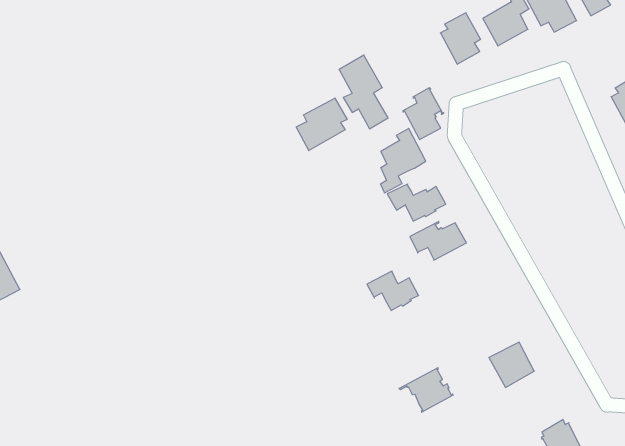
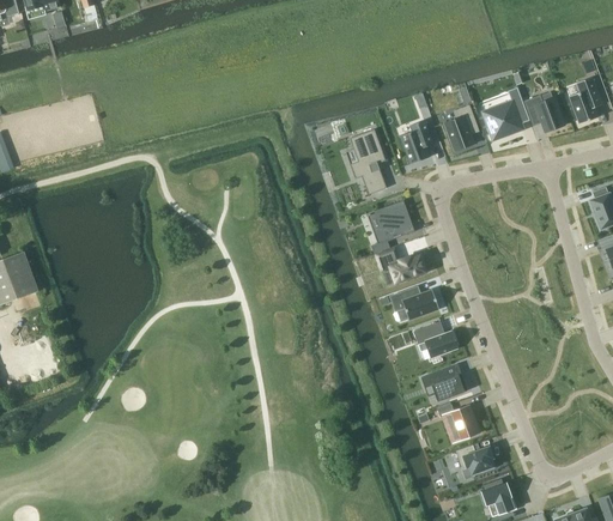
building: [403,88,444,139] -> [399,119,435,163]
building: [296,98,347,151] -> none
building: [367,271,419,310] -> [413,322,457,357]
building: [399,368,453,412] -> [420,363,467,400]
building: none -> [456,443,494,474]

